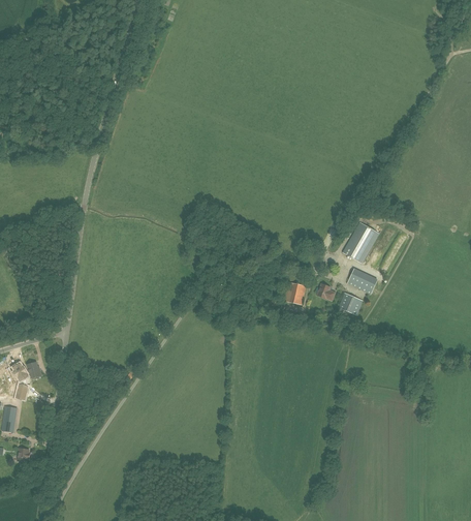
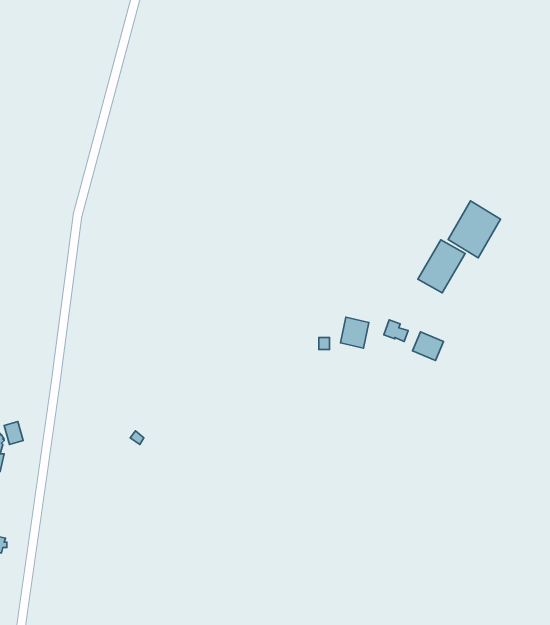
building: none -> [448,201,501,258]
building: [346,269,377,294] -> none

